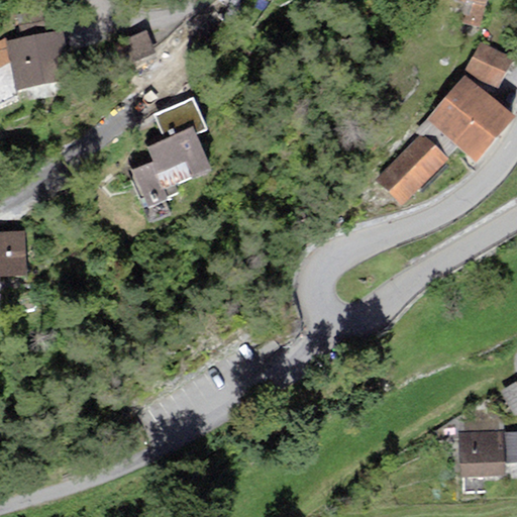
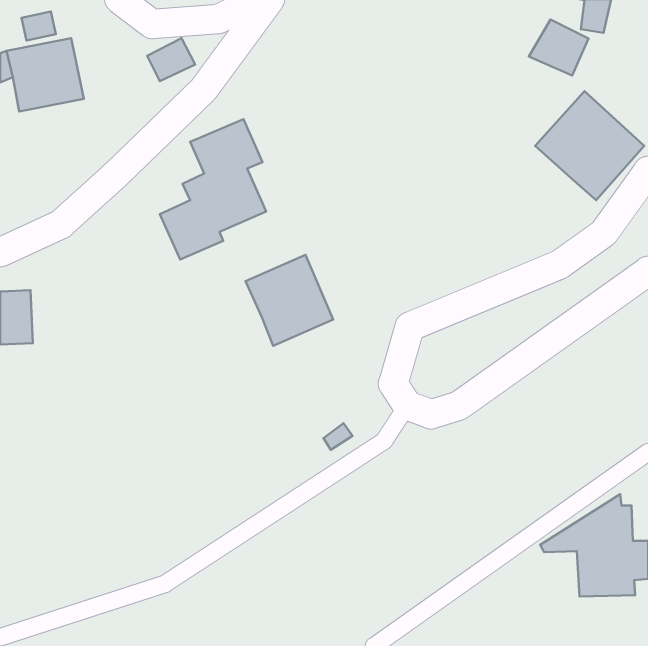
building: [464,42,512,87] -> [529,20,588,75]
building: [375,116,457,206] -> none
building: none -> [246,255,333,346]

